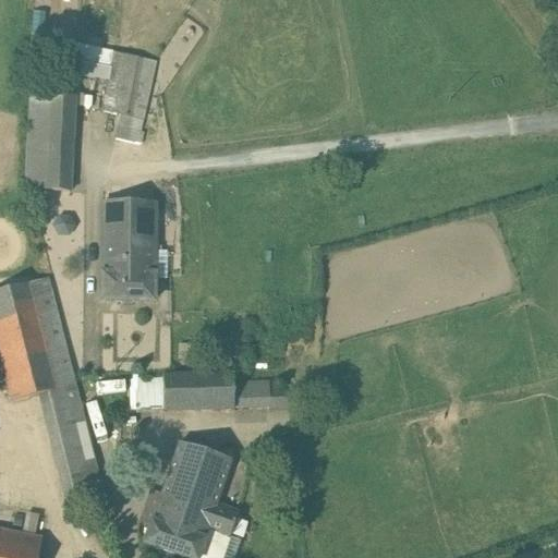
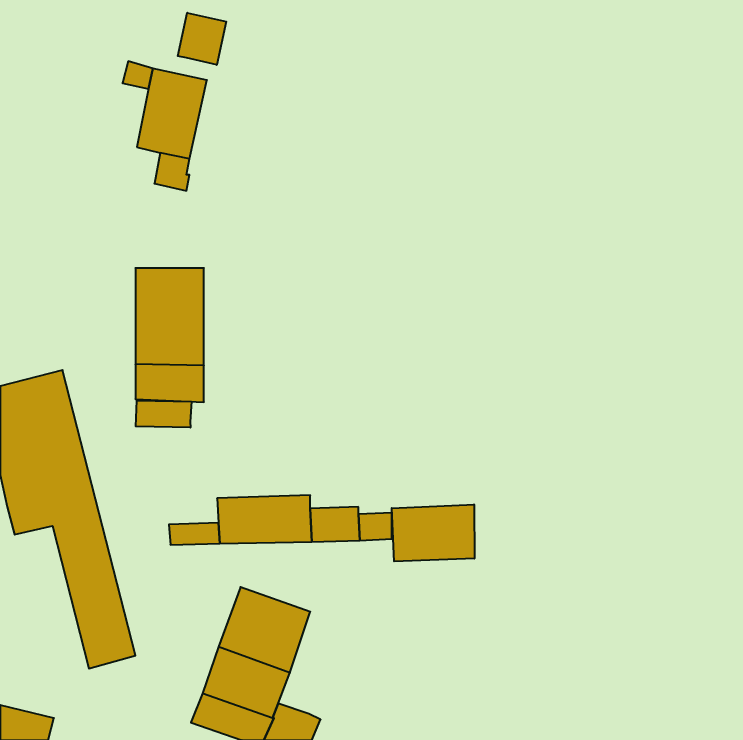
building: none -> [178,13,226,65]
building: [27,93,75,191] -> none
building: none -> [136,400,191,428]
building: none -> [392,504,474,561]
building: [209,504,241,534] -> none

